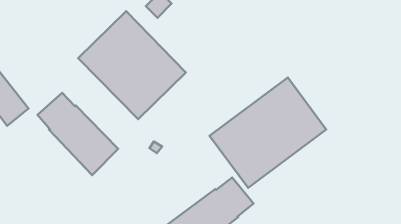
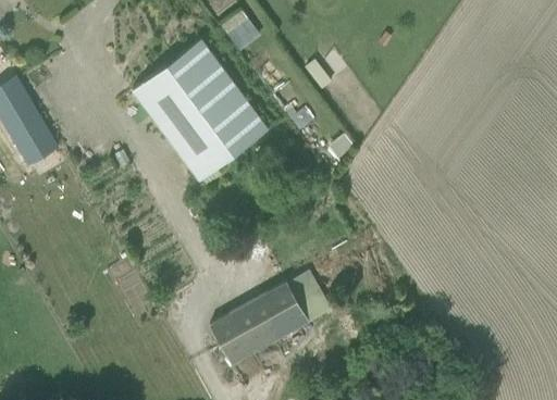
building: [210,77,326,188] -> none
building: [37,93,118,175] -> none

